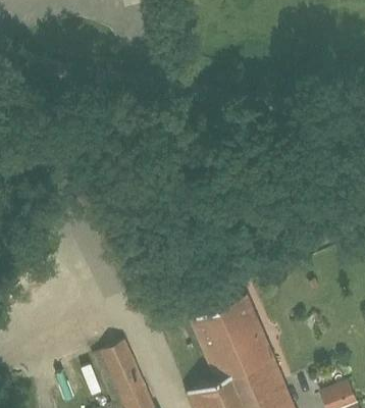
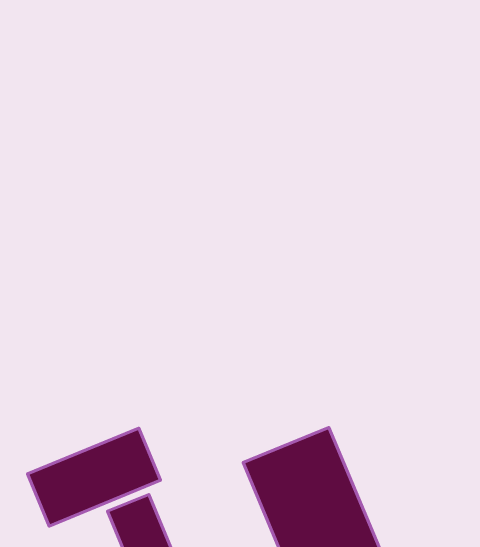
building: none -> [28,428,161,526]

